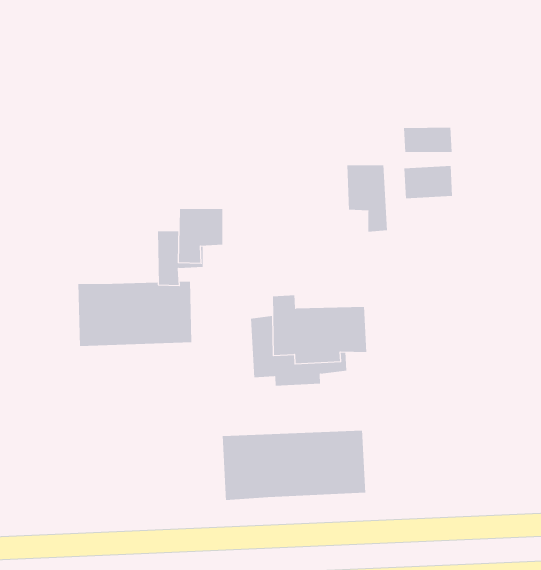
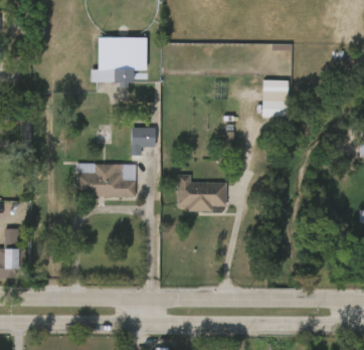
building: none -> [97,32,152,83]
building: [347,164,387,232] -> none
building: [222,430,366,501] -> none

